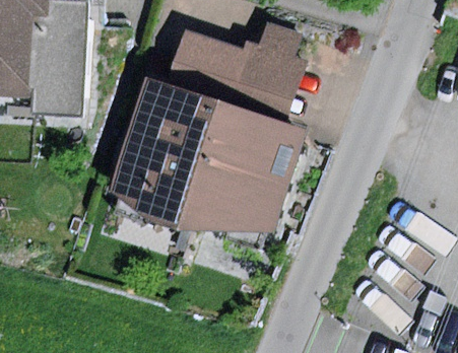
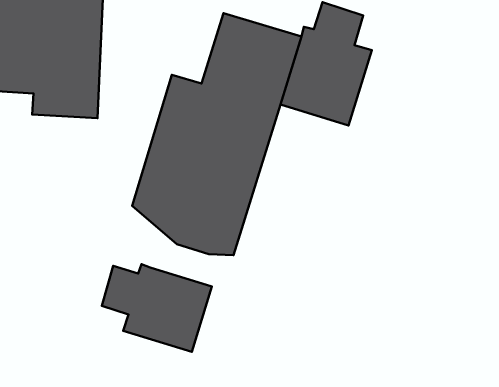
building: [193,107,306,230] -> none
building: none -> [102,264,212,352]

